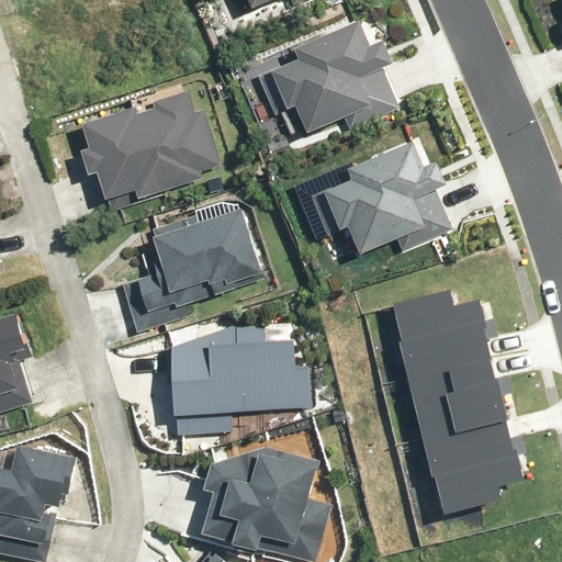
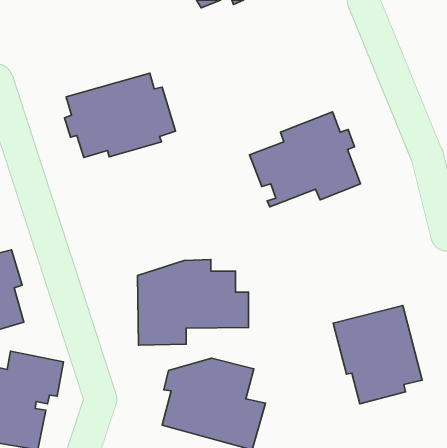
building: [254,21,398,132] -> none
building: [120,209,262,331] -> none
building: [394,285,502,405] -> none

